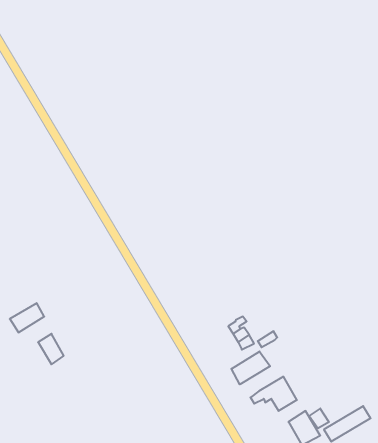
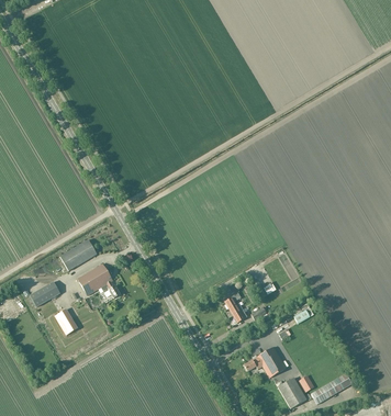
building: none -> [59,238,96,270]
building: none -> [77,262,120,297]
building: [231,351,270,384] -> none

